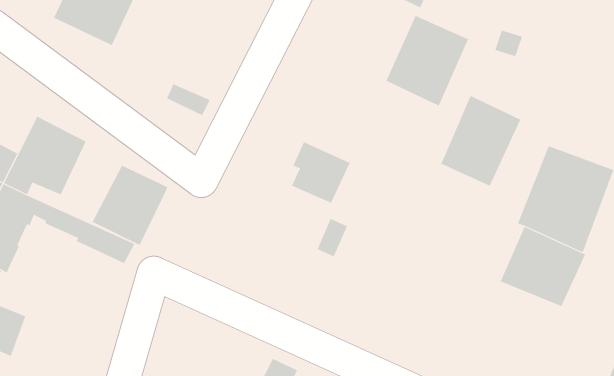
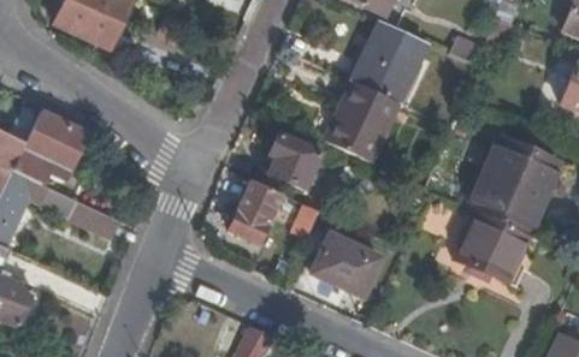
building: [440,95,521,187] -> [326,79,398,161]
building: [92,165,168,246] -> none
building: none -> [230,179,283,243]
building: none -> [312,236,379,297]

